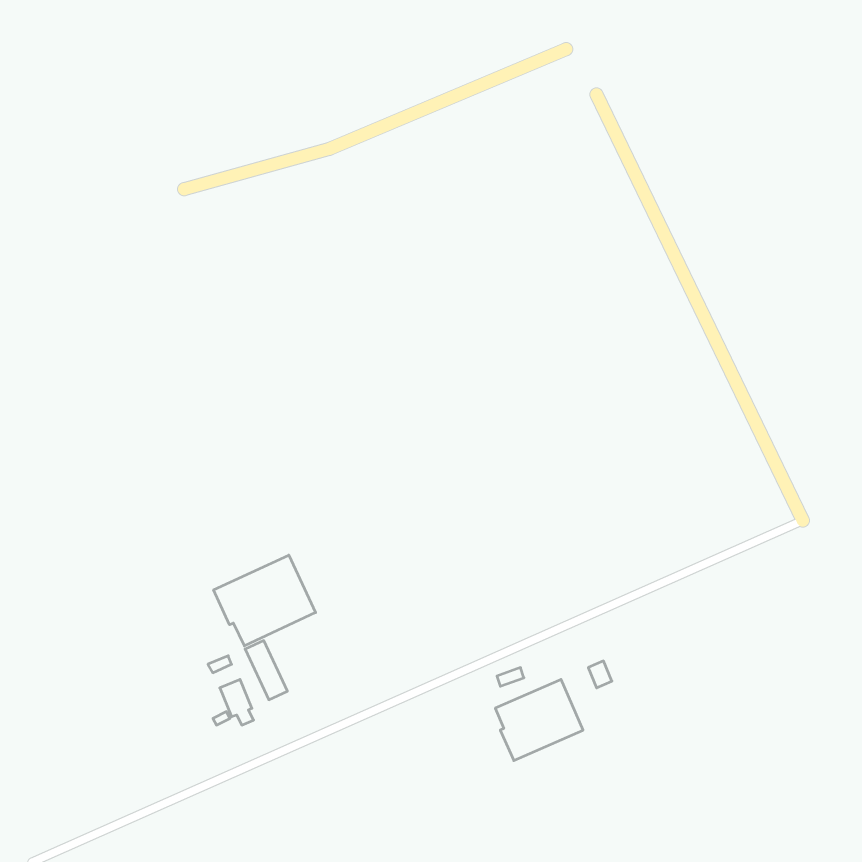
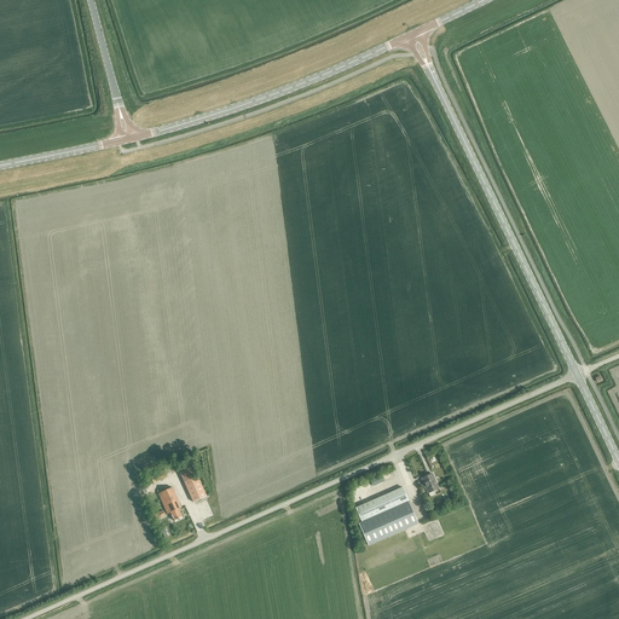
building: [214,555,316,646] -> none

